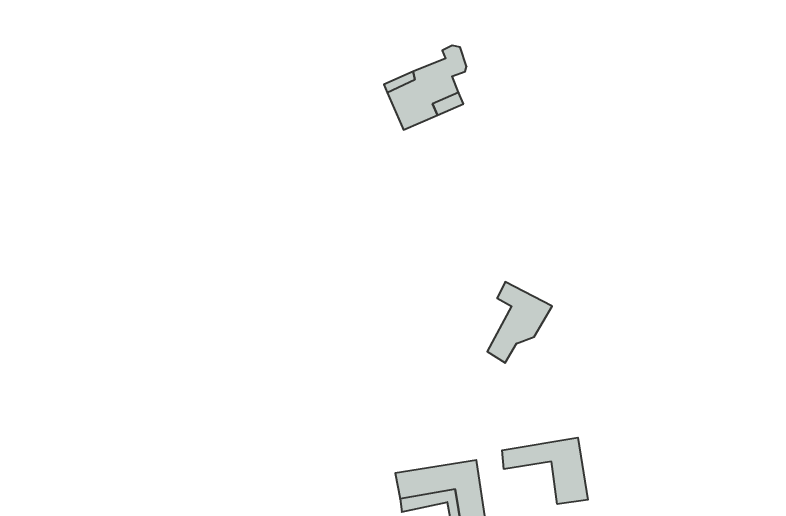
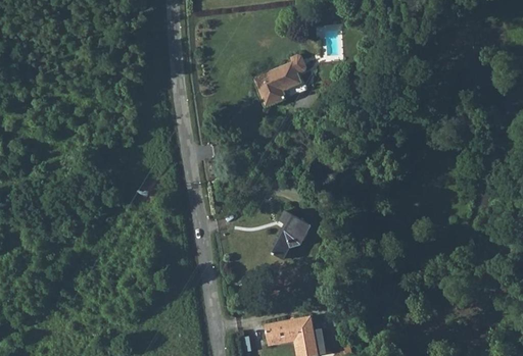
building: [487,282,552,363] -> [272,210,313,261]
building: [502,438,588,504] -> none

